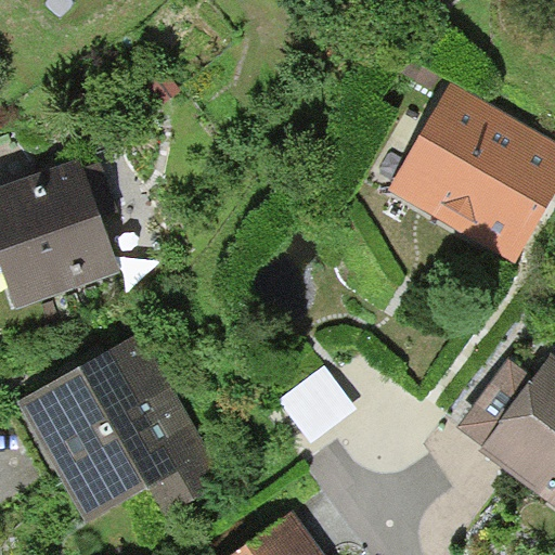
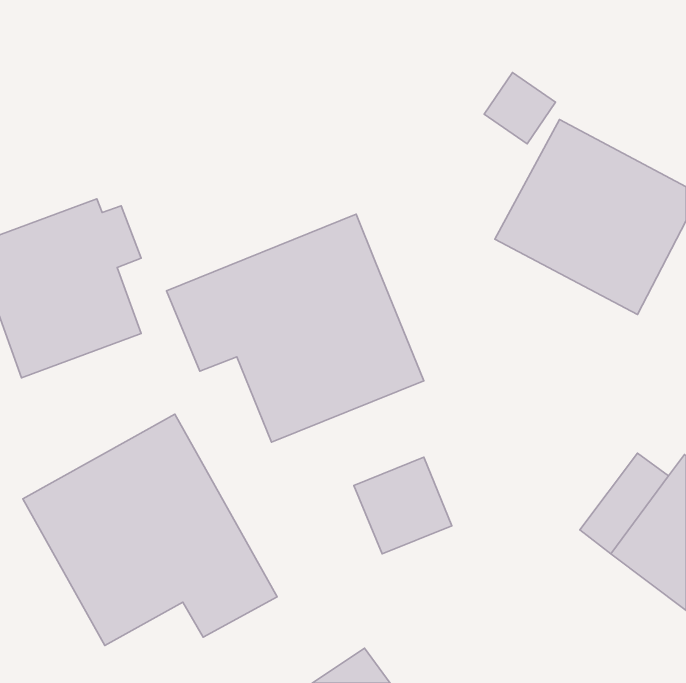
building: none -> [167,214,424,442]

